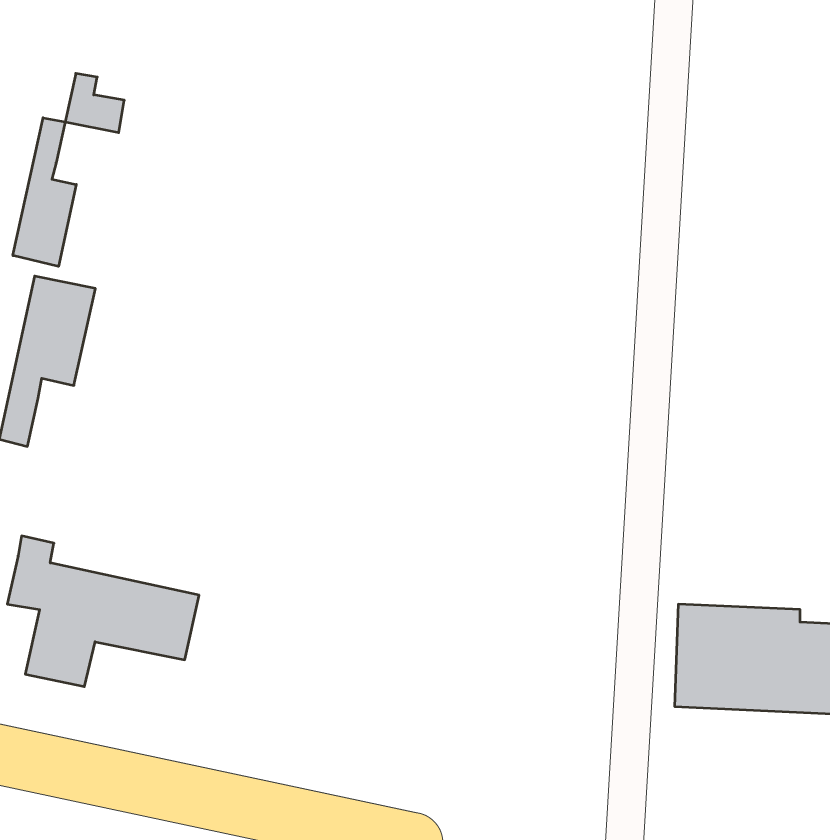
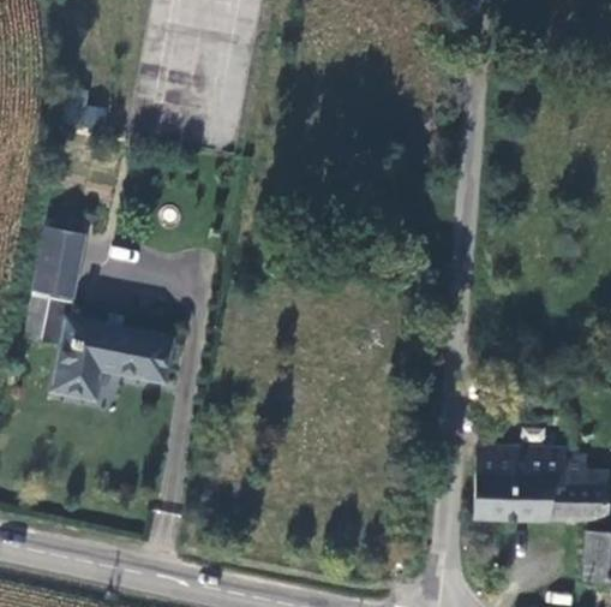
building: [13,118,76,266] -> none
building: [7,536,199,687] -> [42,296,170,397]

